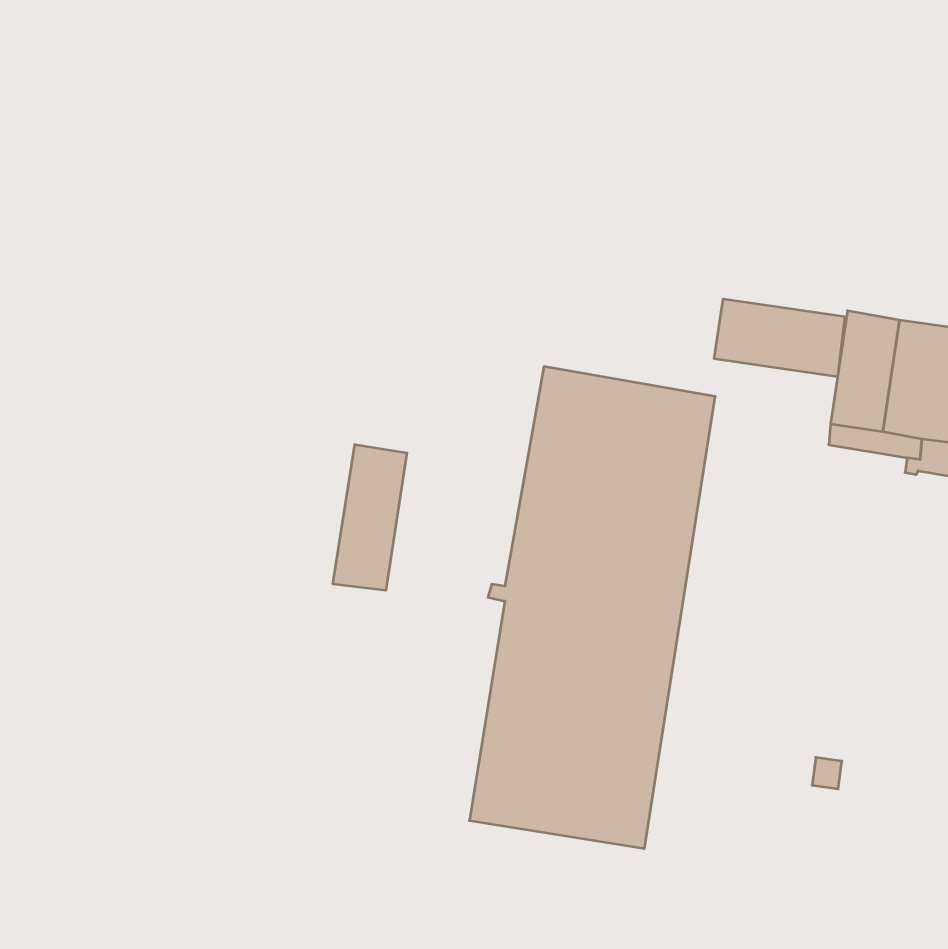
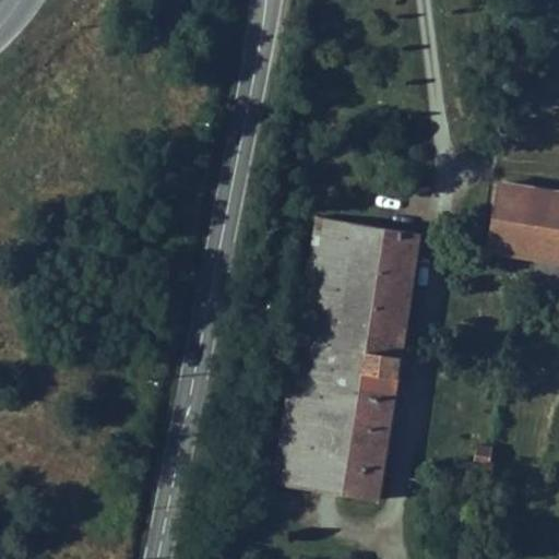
building: [714,299,845,377] -> none
building: [333,444,407,590] -> none

